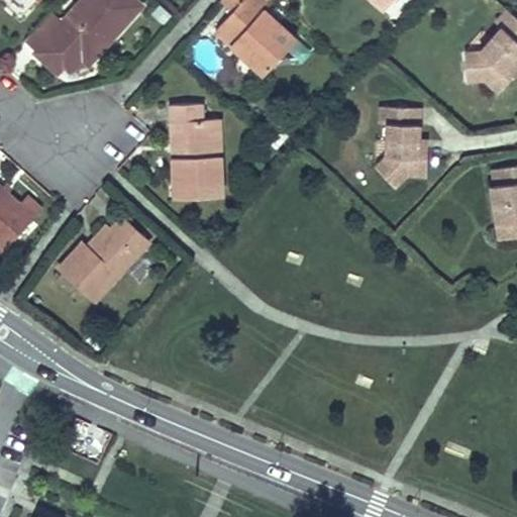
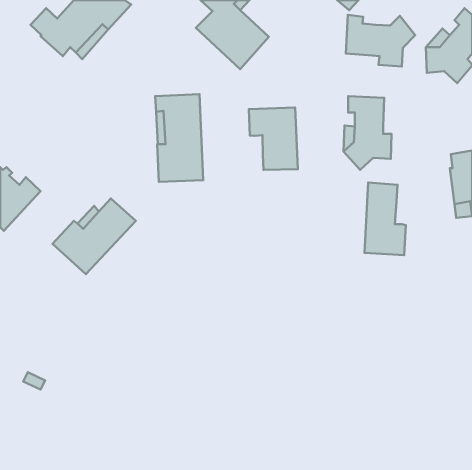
building: none -> [346,15,415,67]
building: none -> [249,107,298,170]
building: none -> [365,182,406,255]

